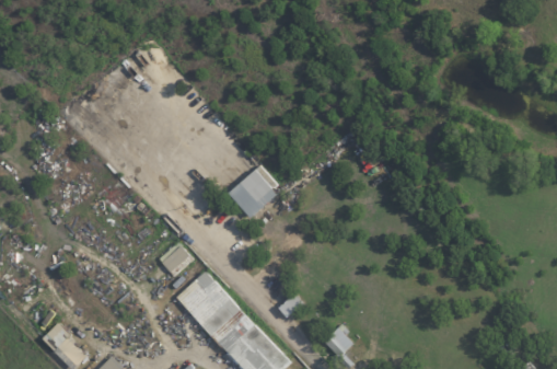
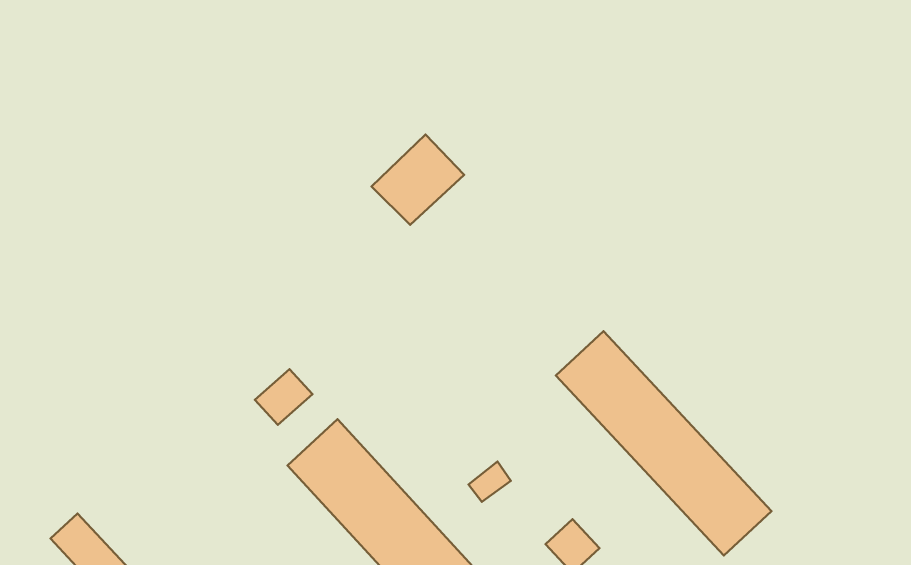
building: [229,165,281,217] -> [372,135,464,225]
building: none -> [556,331,772,555]

